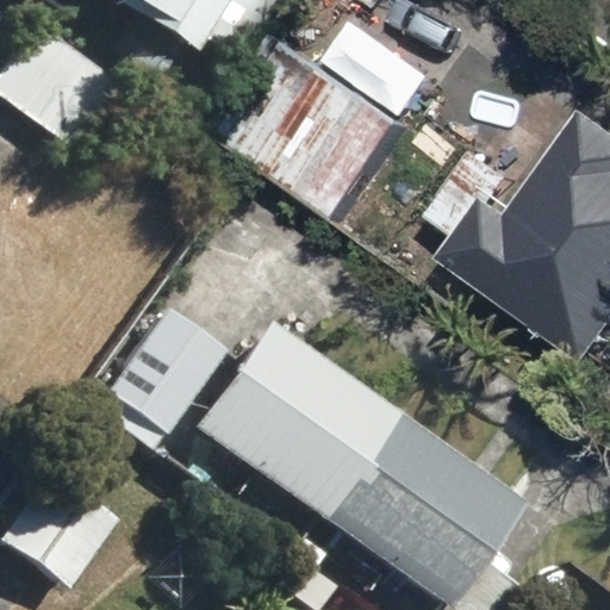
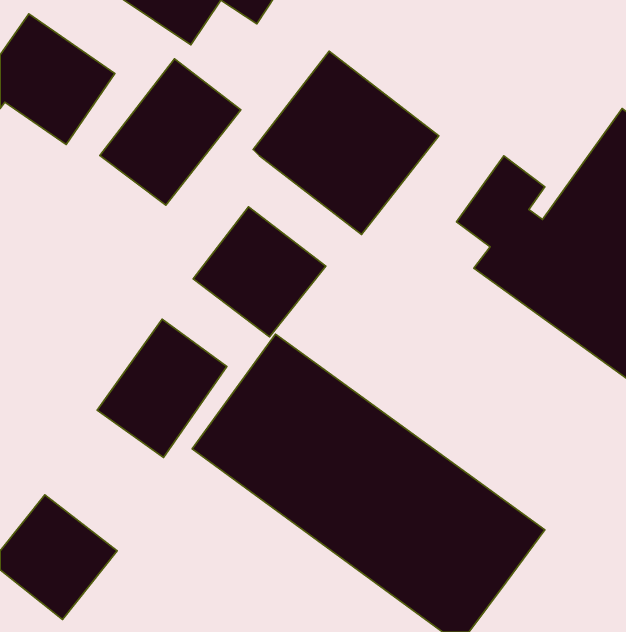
building: none -> [100,59,241,205]
building: none -> [193,207,326,337]

